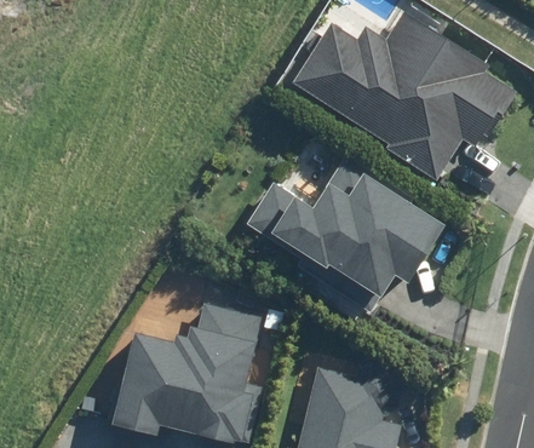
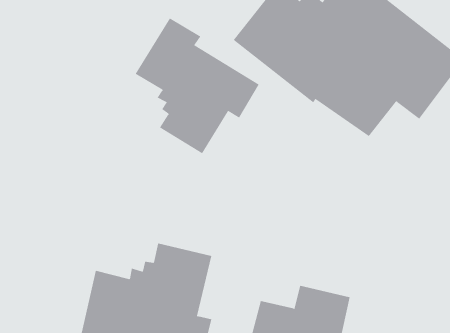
building: none -> [135,18,260,154]
building: [247,160,443,295] -> none

